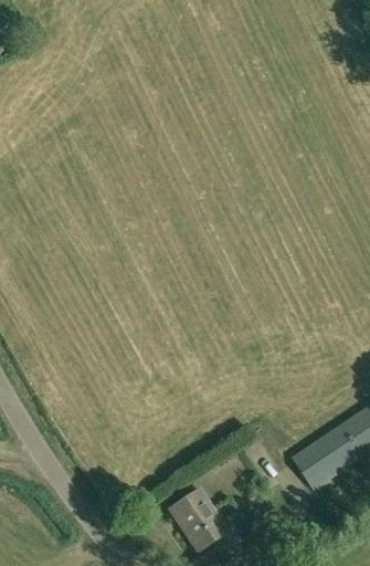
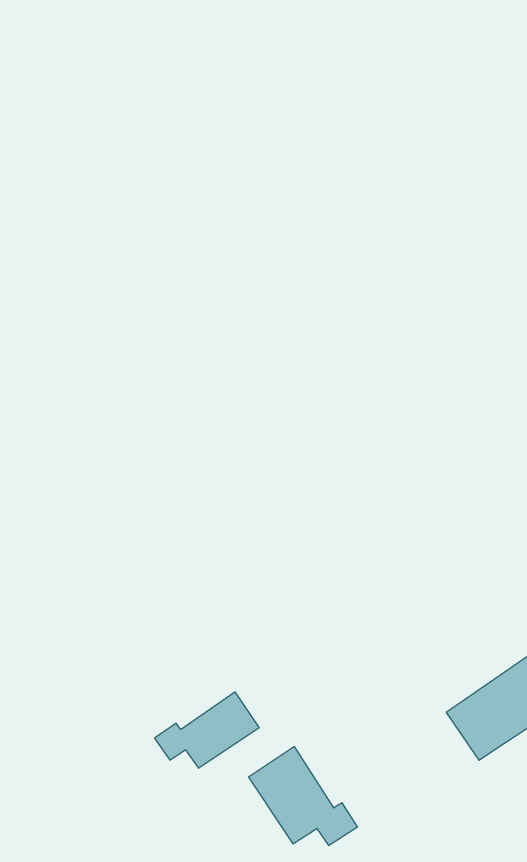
building: none -> [155,692,259,768]

